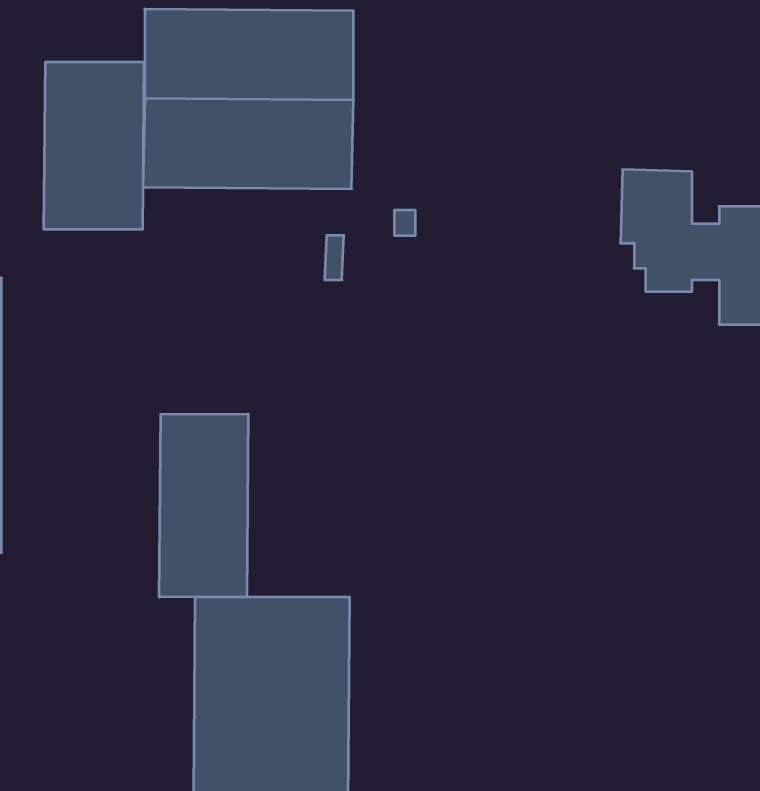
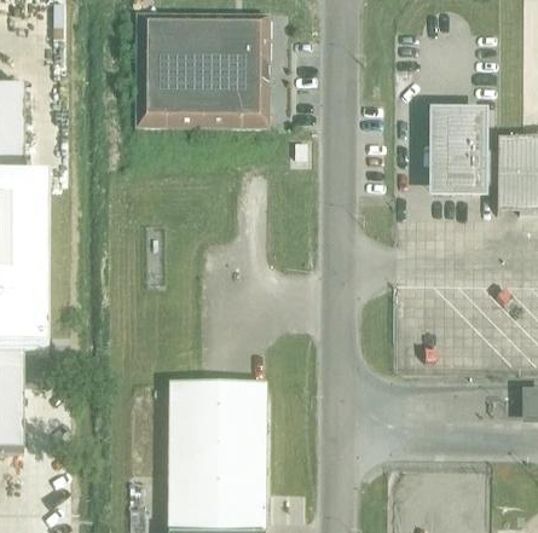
building: [44,62,144,229] -> none
building: [159,414,248,597] -> none

